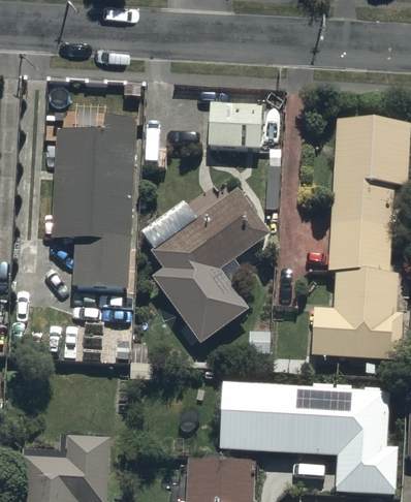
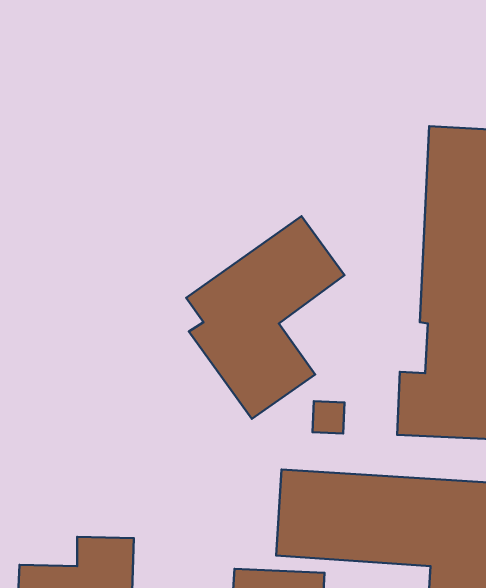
building: [207,104,262,148] -> none
building: [51,115,136,286] -> none

